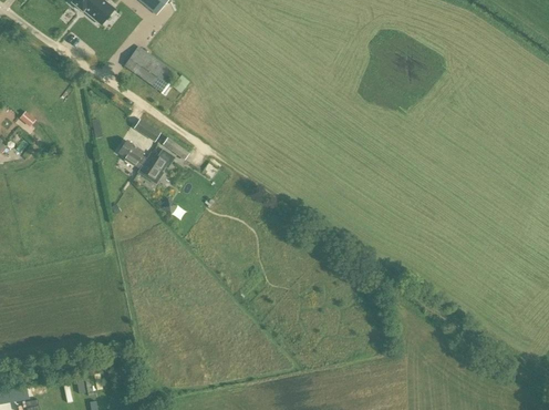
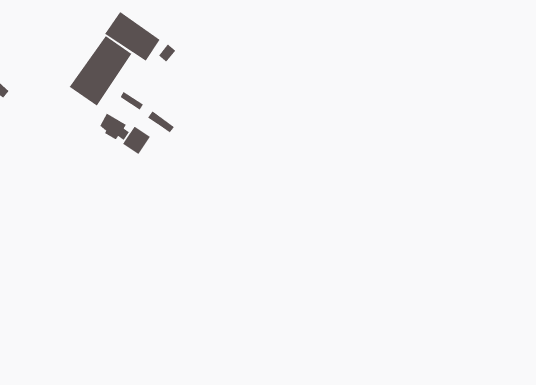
building: none -> [69,35,132,106]

